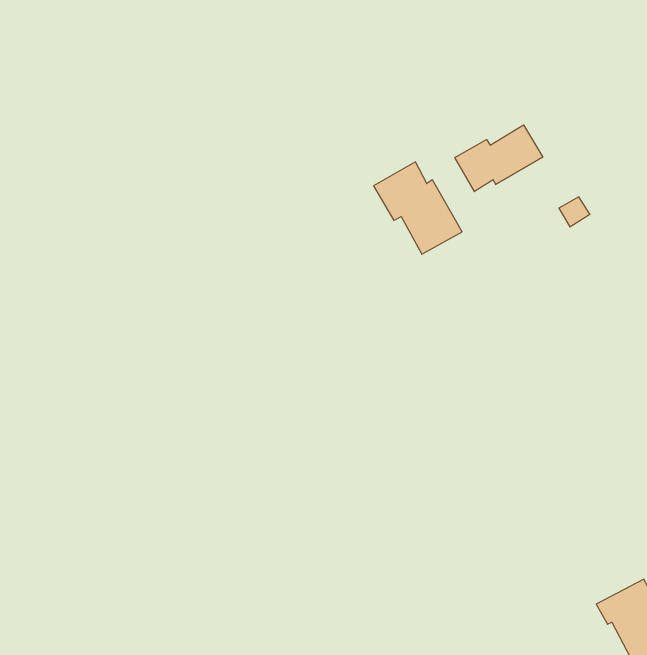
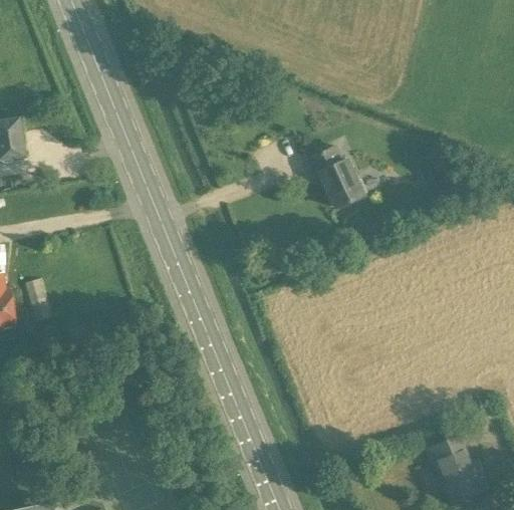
building: [455,125,543,192] -> none

